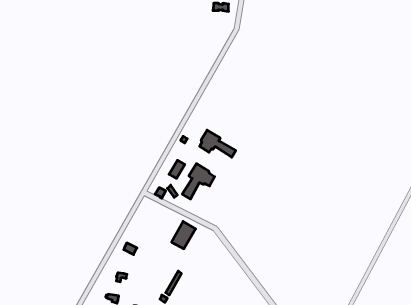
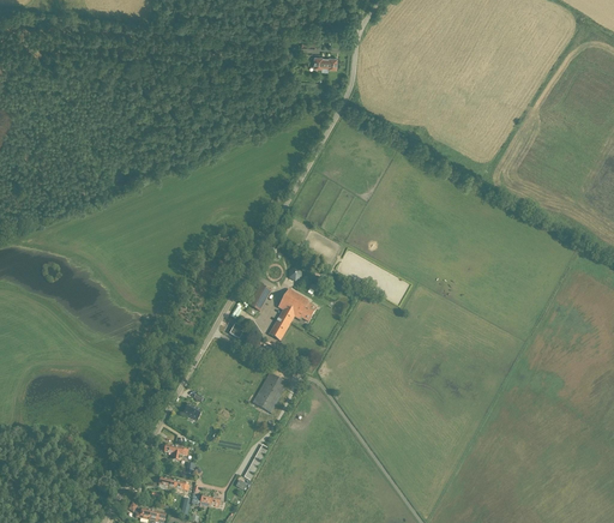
building: [200,130,236,157] -> none

